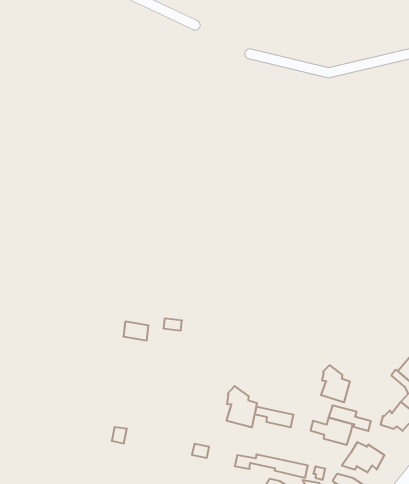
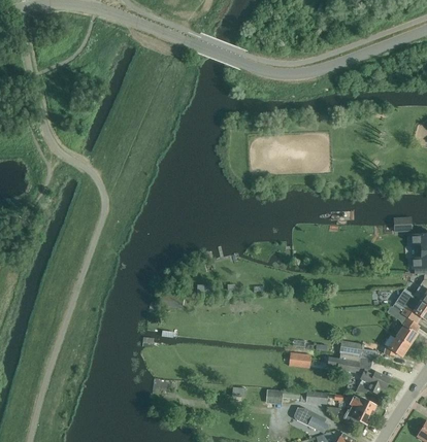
building: [321,365,350,402] -> none
building: [227,386,257,427] -> none

